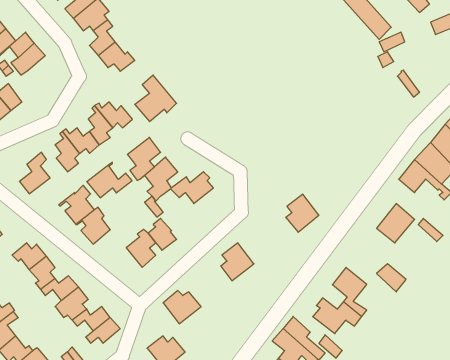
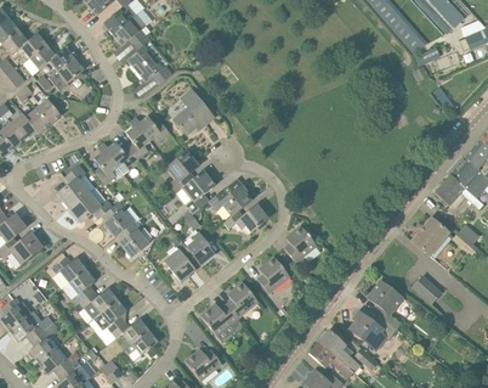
building: [87,162,132,198] -> [68,187,113,223]
building: none -> [223,204,267,232]
building: [286,194,319,232] -> [284,225,317,263]
building: none -> [226,281,259,319]

